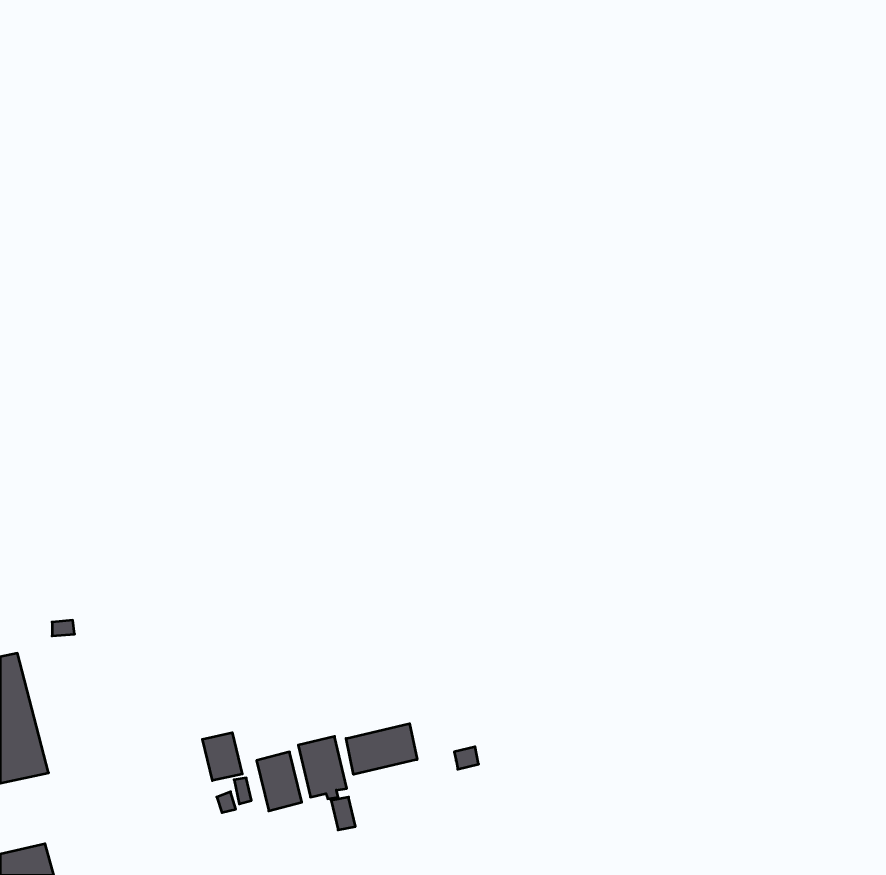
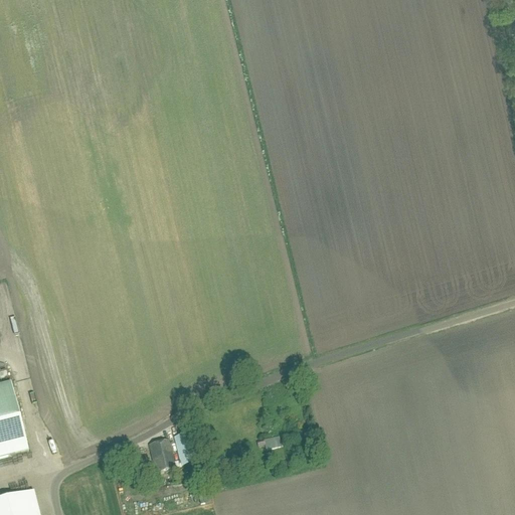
building: [346,724,417,774] -> none
building: [202,733,242,781] -> none

